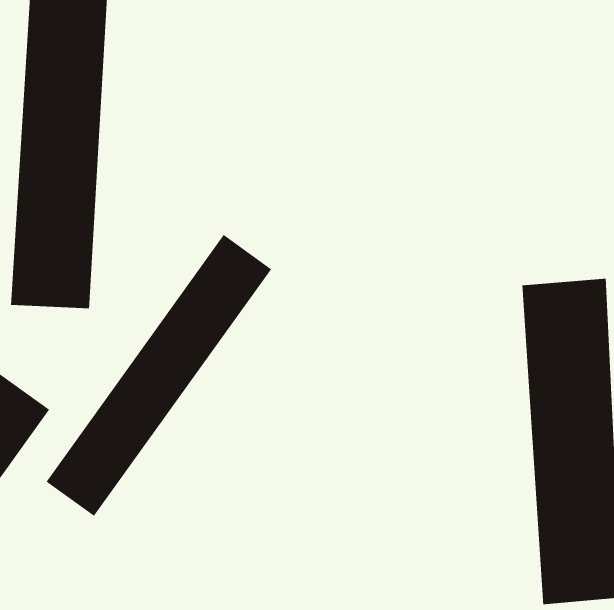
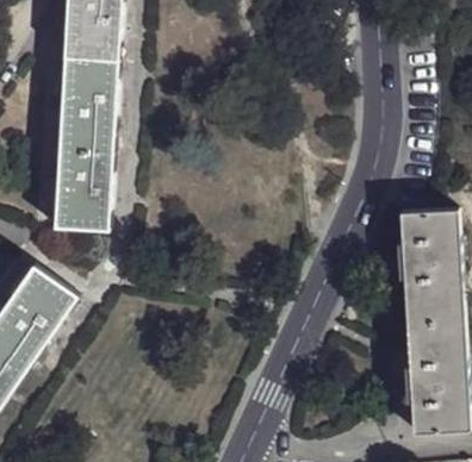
building: [45,234,272,517] -> none

